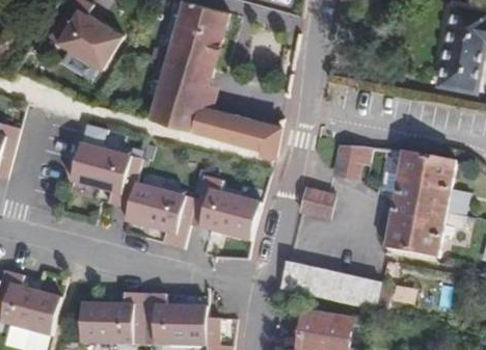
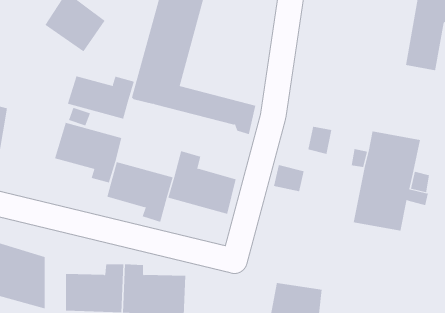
building: none -> [67,75,135,120]
building: [281,262,390,306] -> none

